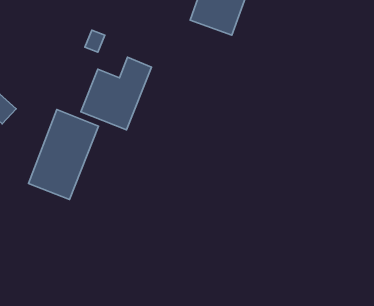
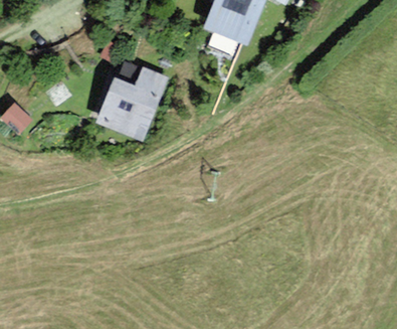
building: [28,109,99,200] -> none

